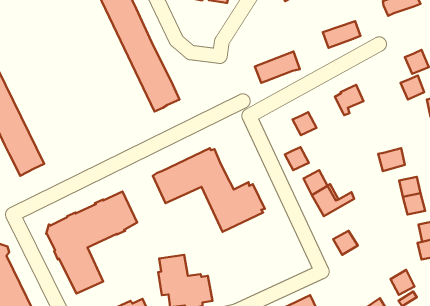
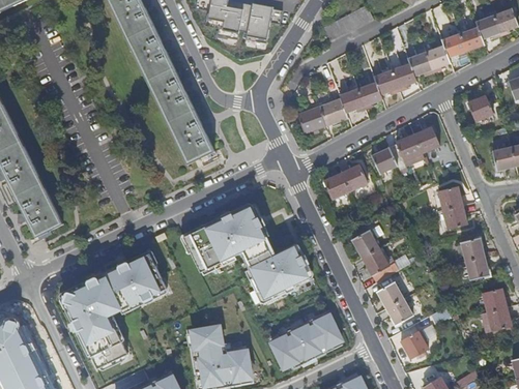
building: none -> [409,46,450,74]
building: none -> [341,82,383,112]
building: [400,76,424,99] -> [412,126,439,153]
building: none -> [371,148,398,175]
building: none -> [438,187,463,211]
building: [285,147,309,170] -> [323,174,350,200]
building: none -> [376,281,404,308]
building: none -> [270,316,341,369]
building: [390,270,414,295] -> [401,330,428,358]

